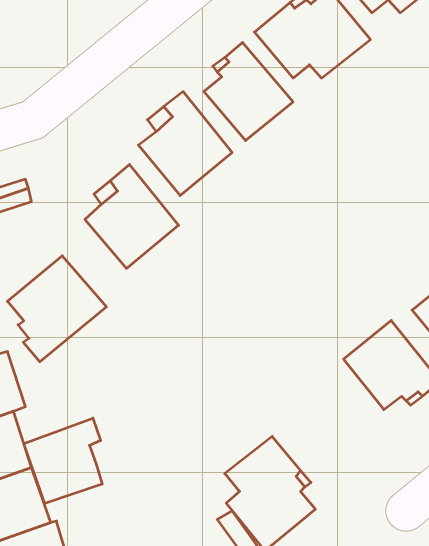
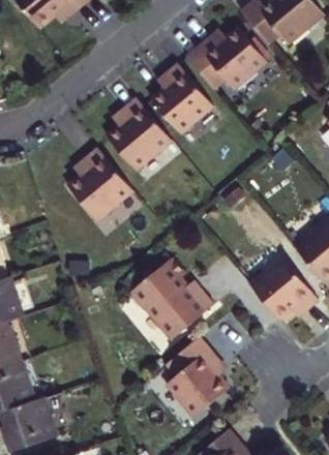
building: [7,256,106,362] -> none
building: none -> [128,256,213,338]
building: [24,418,102,503] -> none

